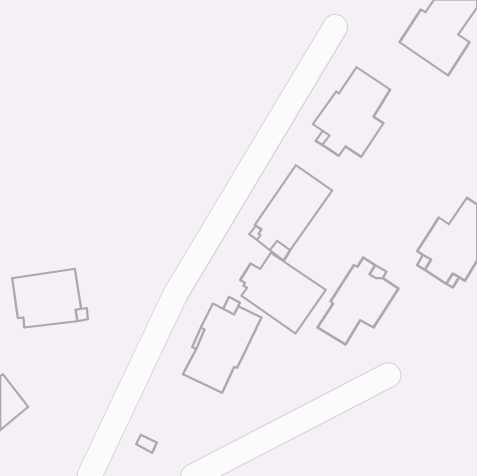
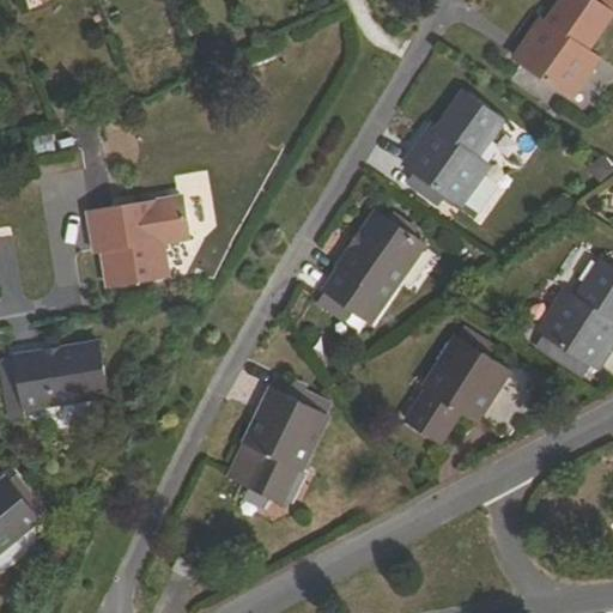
building: none -> [87,201,186,287]
building: [240,253,326,334] -> none

